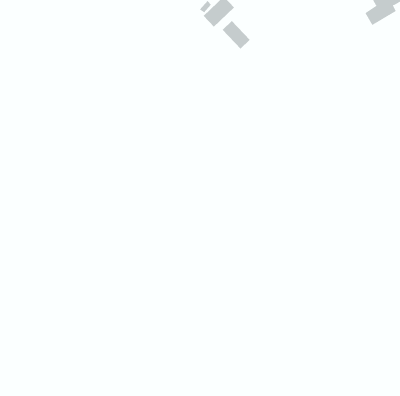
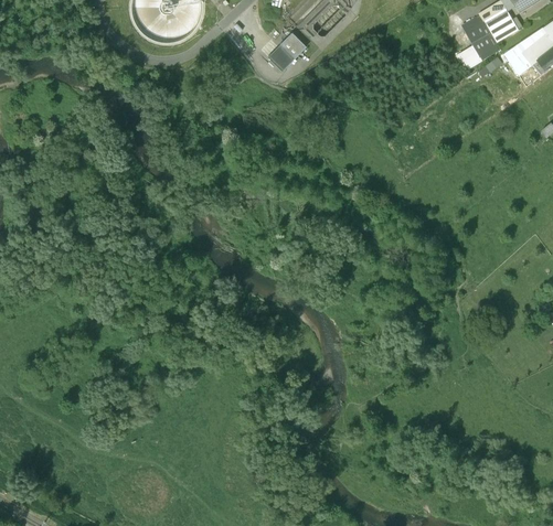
building: [222,20,251,50] -> none

